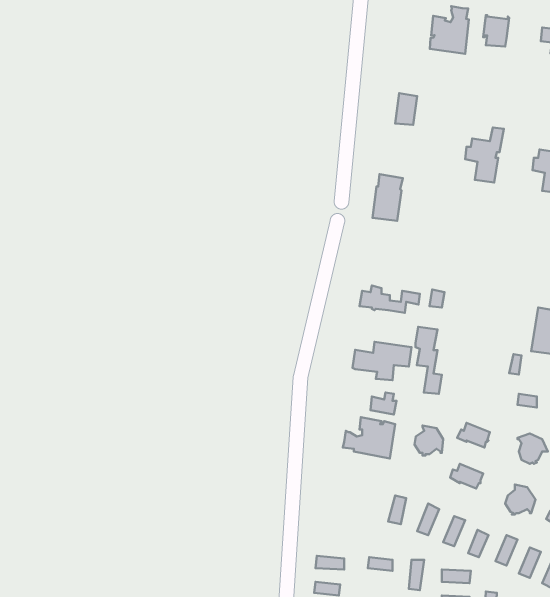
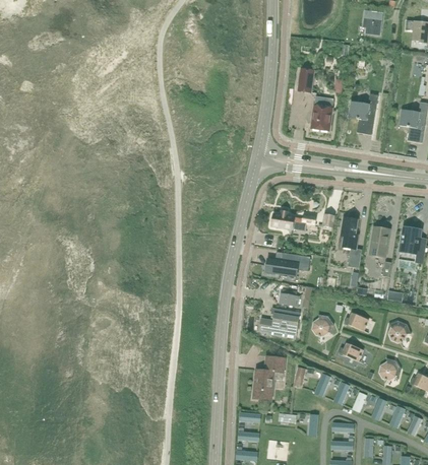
building: [430,6,469,54] -> none
building: [373,174,403,221] -> [311,96,333,131]
building: none -> [369,227,390,258]
building: [416,327,442,394] -> [342,218,361,268]
building: none -> [253,357,285,400]

